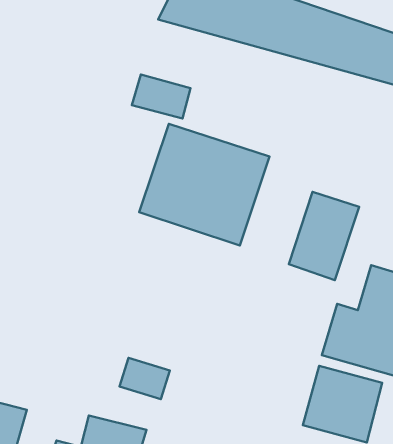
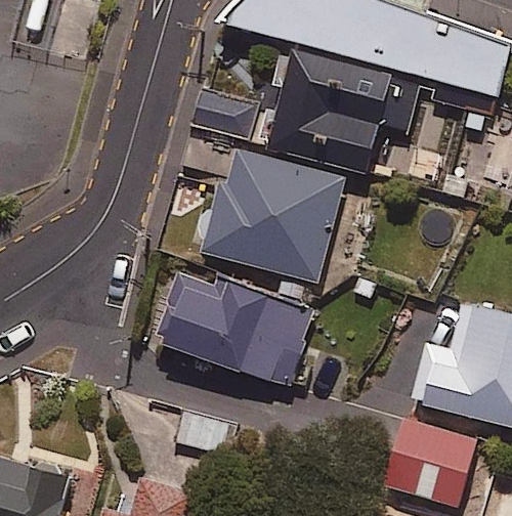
building: none -> [262,50,420,176]
building: [289,192,359,280] -> none
building: none -> [166,262,316,385]

